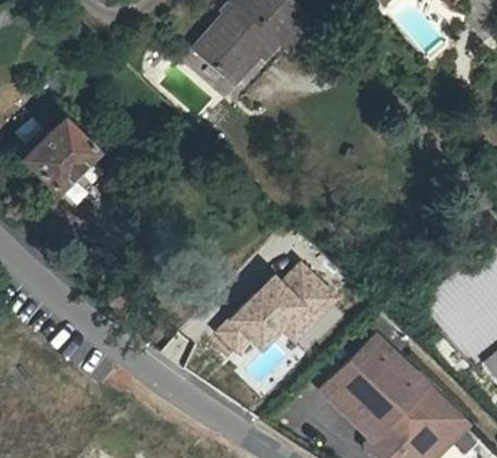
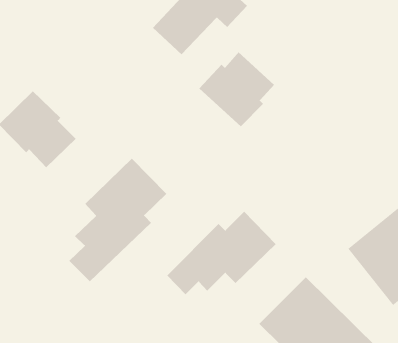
building: none -> [198,52,275,127]
building: none -> [69,158,167,282]

